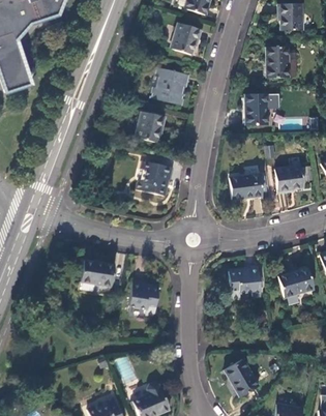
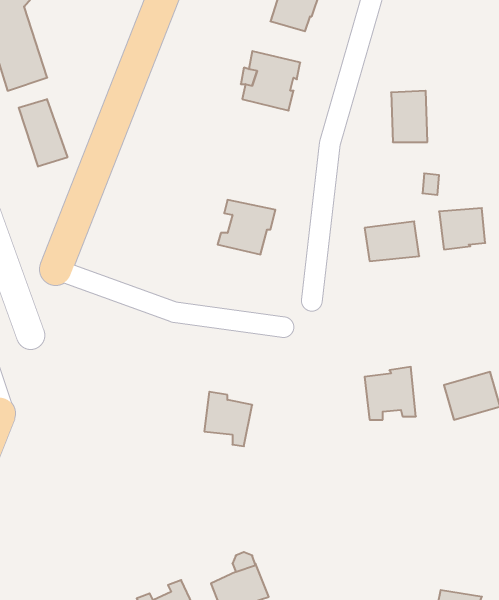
building: [267,46,290,77] -> none
building: none -> [19,99,67,167]
building: [138,112,166,142] -> none
building: [81,259,115,286] -> none
building: [226,359,260,396] -> none

